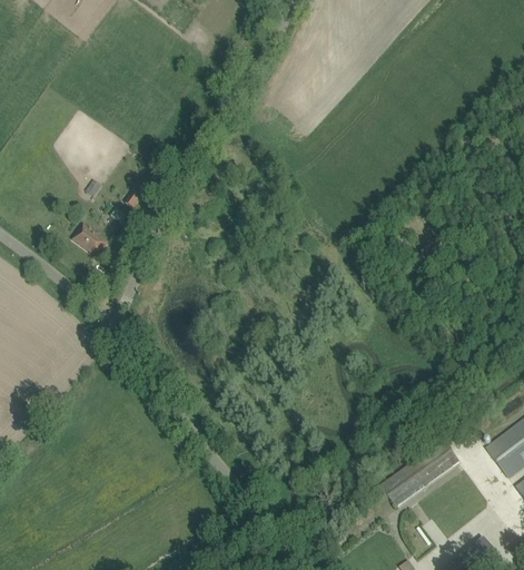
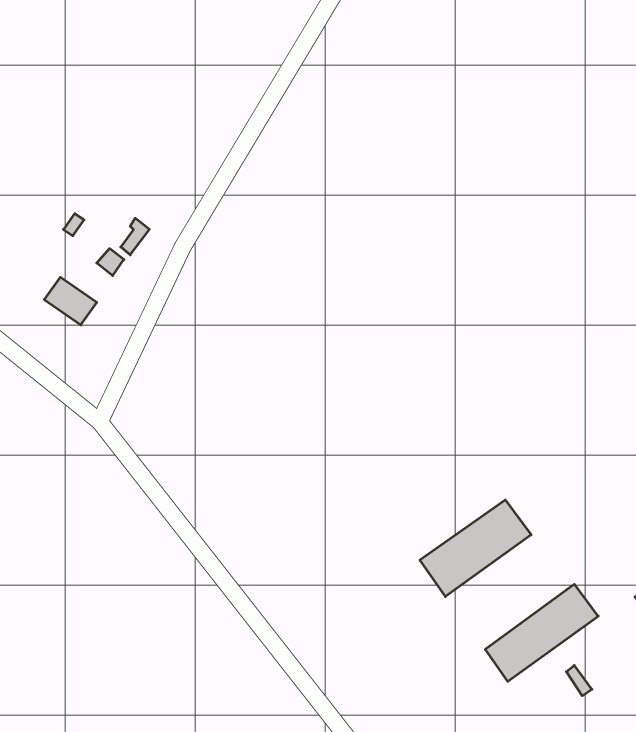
building: none -> [420,500,531,597]

